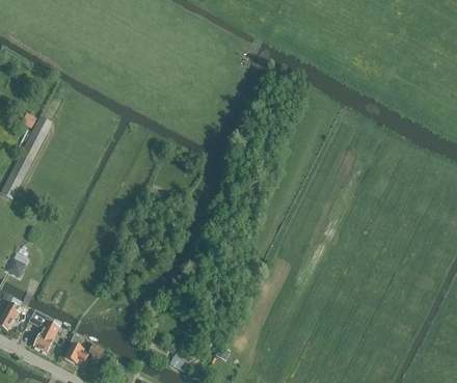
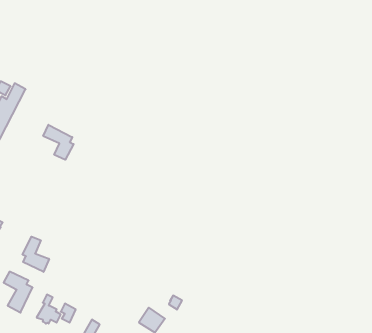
building: none -> [43,125,74,160]
building: none -> [23,237,49,272]

